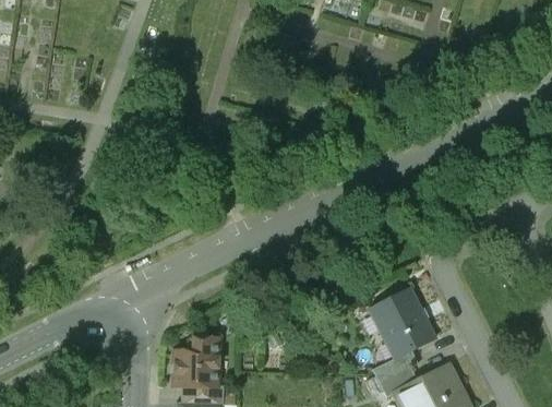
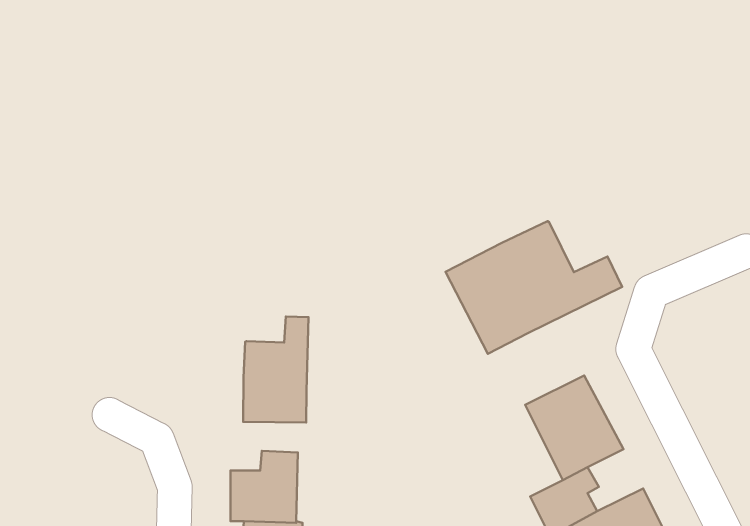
building: none -> [445,221,622,354]
building: none -> [243,316,309,422]

